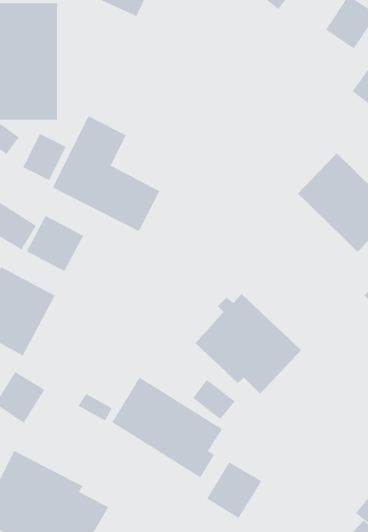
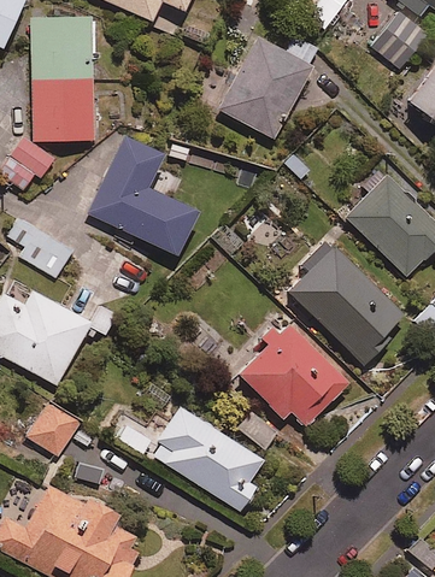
building: none -> [219,37,315,137]
building: [23,133,67,181] -> none
building: [26,215,84,272] -> none
building: none -> [283,241,401,365]
building: [207,462,262,519] -> none

